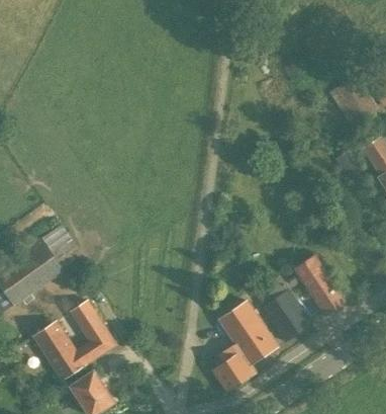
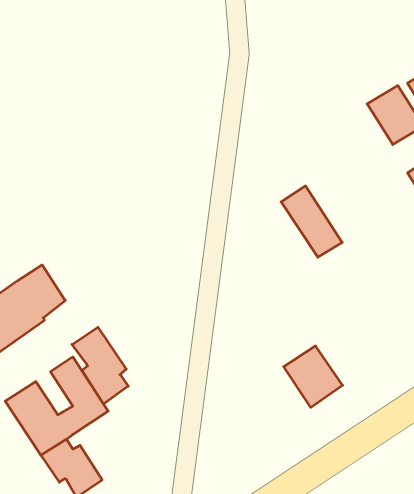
building: [294,255,345,314] -> [281,186,342,257]
building: none -> [72,327,128,404]
building: [212,301,277,392] -> none

